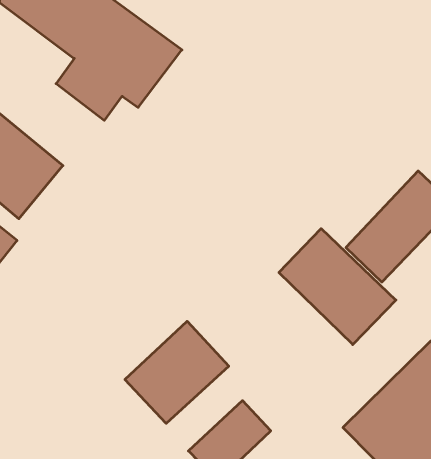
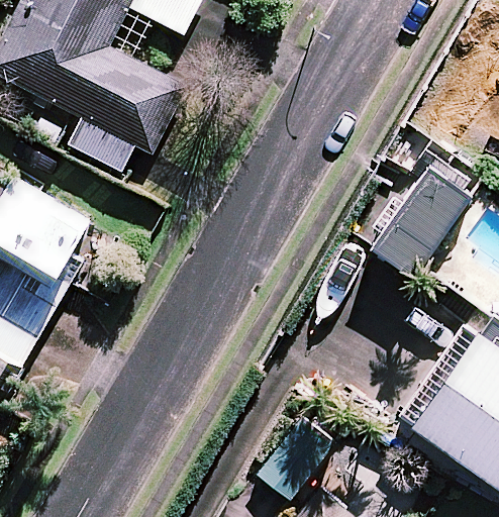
building: [279,229,396,345] -> none
building: [125,321,229,423] -> none

